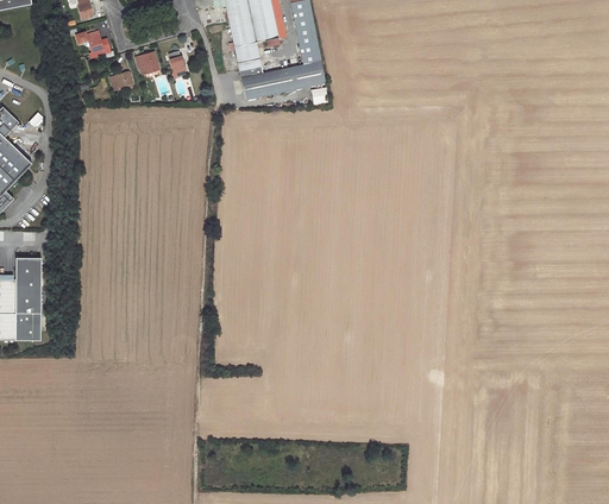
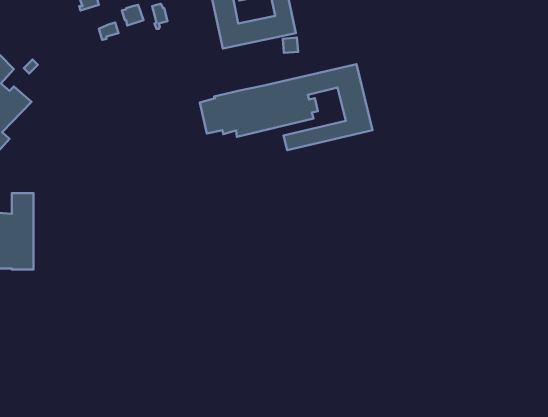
building: none -> [200,64,372,150]

